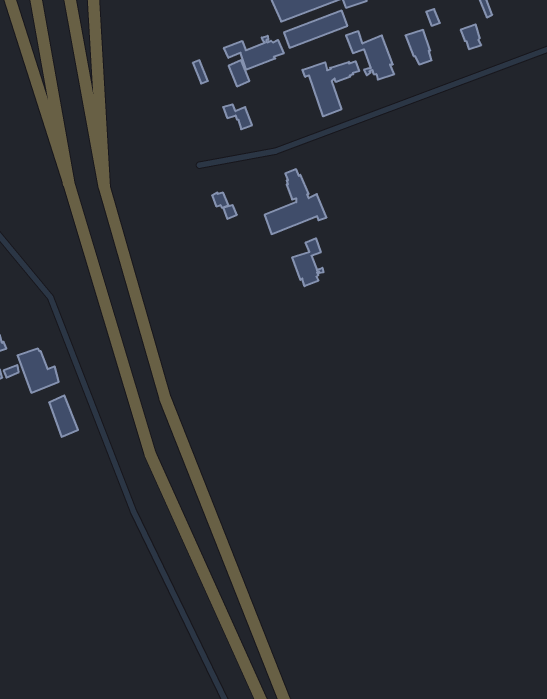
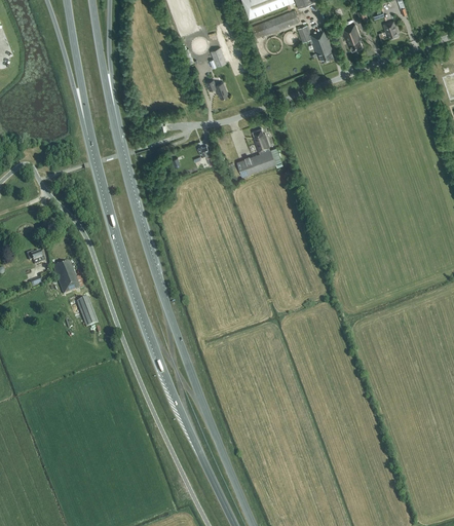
building: [224,36,284,70] -> none
building: [302,61,359,116] -> none
building: [292,238,323,286] -> none

